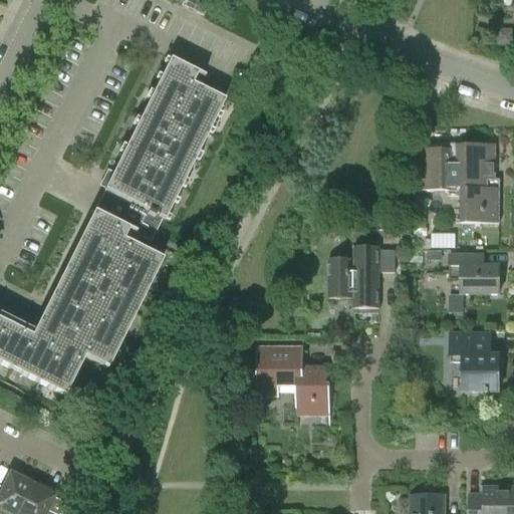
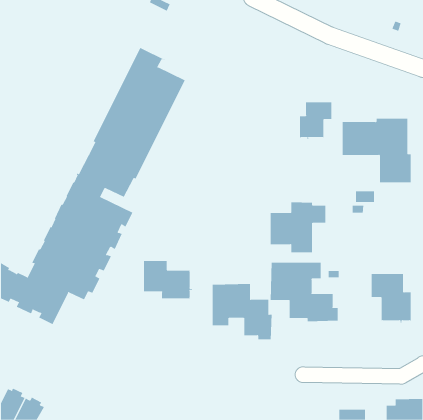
building: none -> [300,101,332,140]
building: [449,252,499,293] -> none
building: none -> [144,260,193,299]
building: none -> [270,262,338,322]

